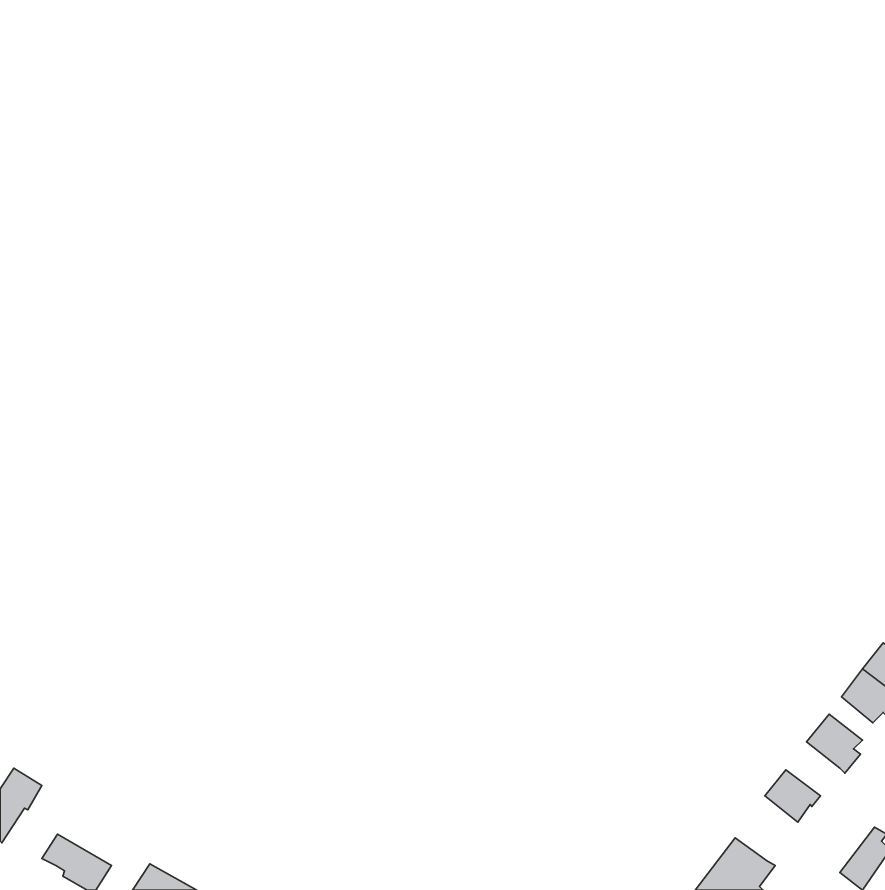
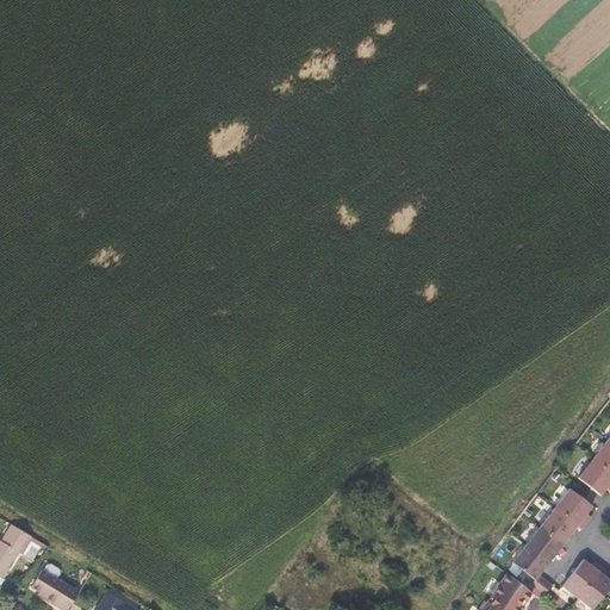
building: none -> [541,508,578,544]
building: none -> [513,544,553,598]
building: none -> [564,559,602,597]

